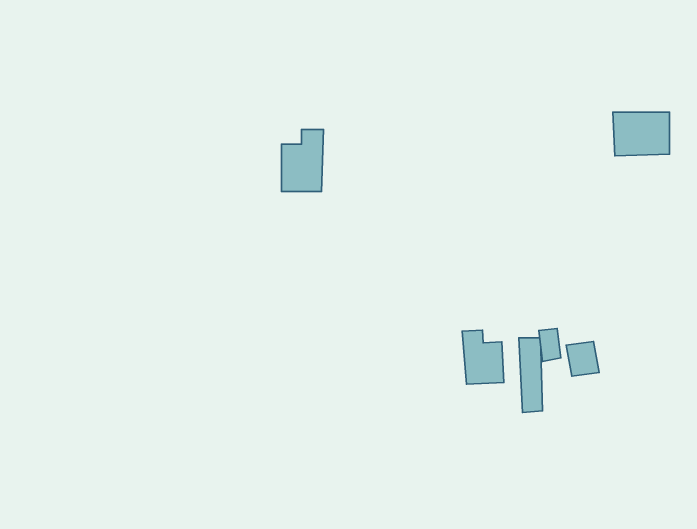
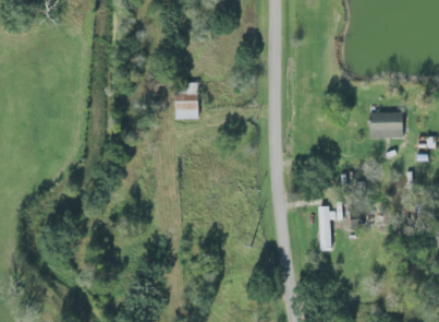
building: [613,112,670,156] -> [369,112,403,139]
building: [462,330,504,384] -> none

